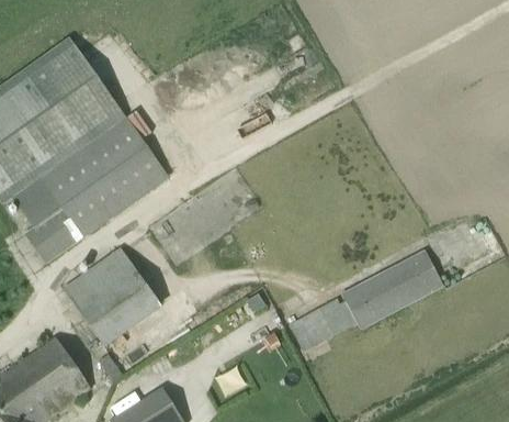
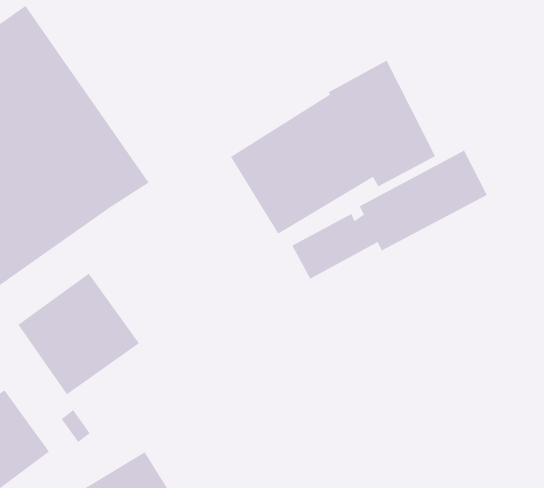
building: none -> [230,60,436,234]
building: [290,248,443,349] -> [291,150,488,279]

